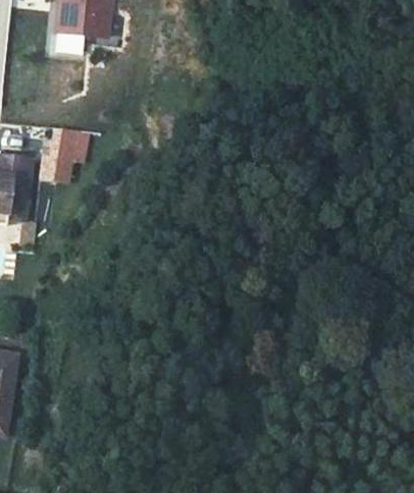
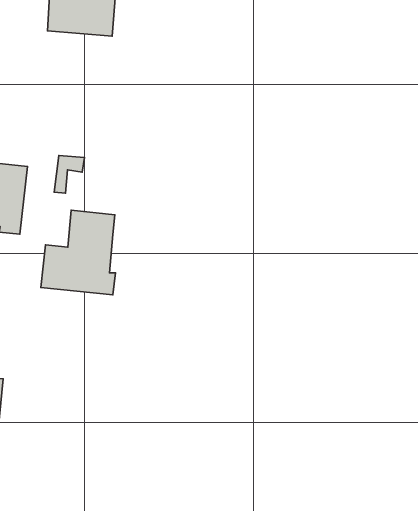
building: none -> [41,210,115,295]

